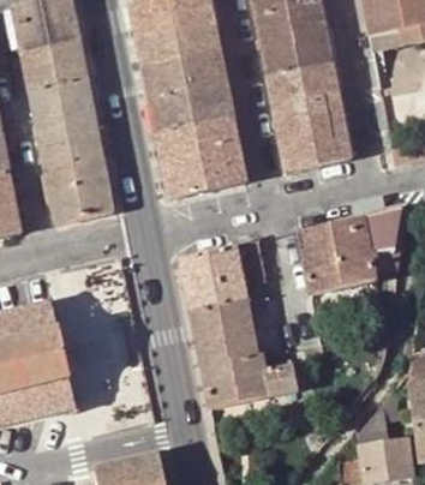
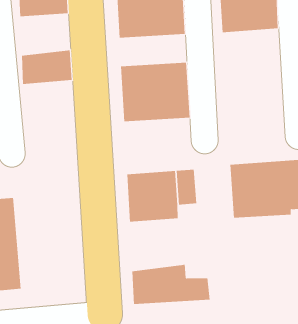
building: [268,65,351,172] -> none
building: [30,82,95,138] -> none
building: [149,86,232,134] -> none
building: [44,158,110,223] -> none
building: [191,301,258,370] -> none

